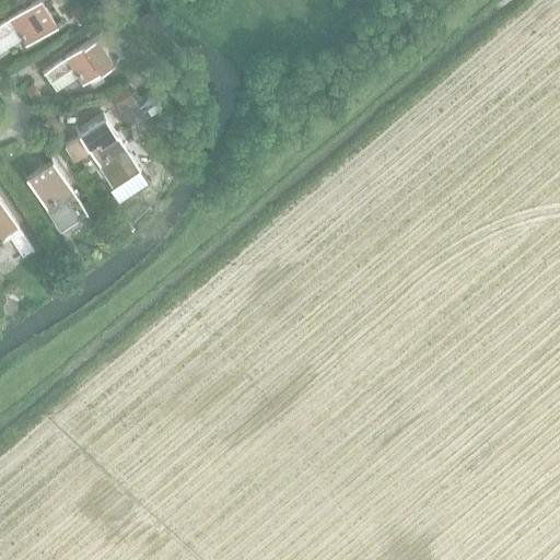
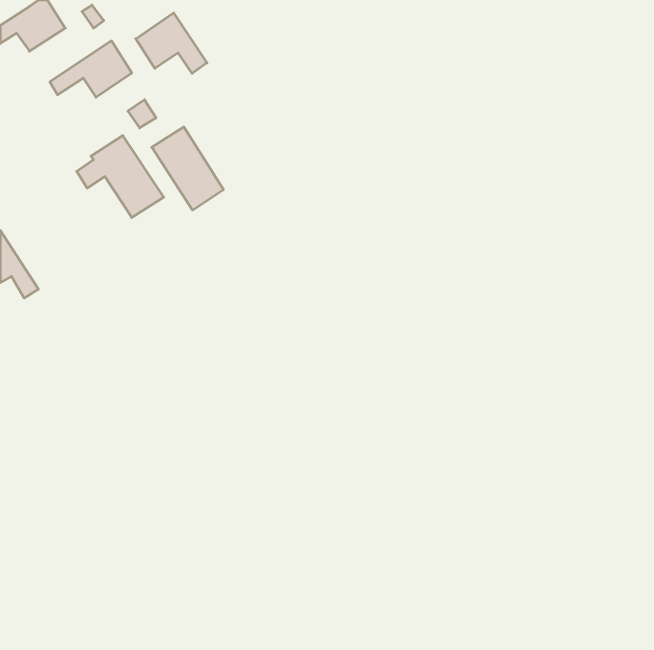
building: none -> [136,13,207,73]
building: [25,162,86,233] -> [152,127,223,210]

